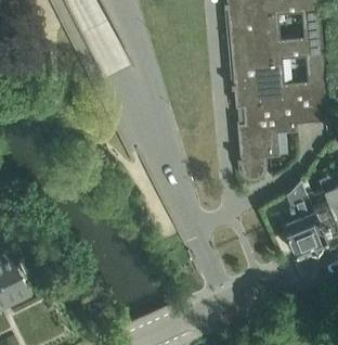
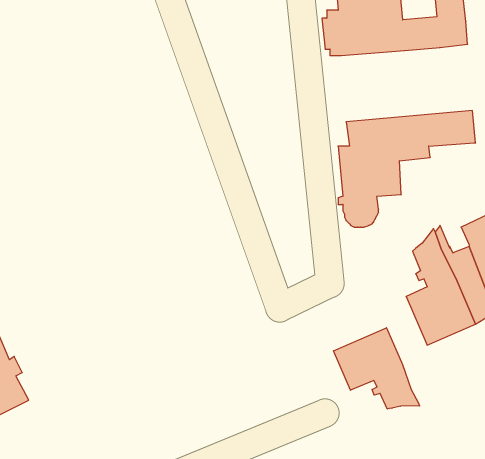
building: [230,55,326,107] -> none
building: none -> [334,328,420,409]

